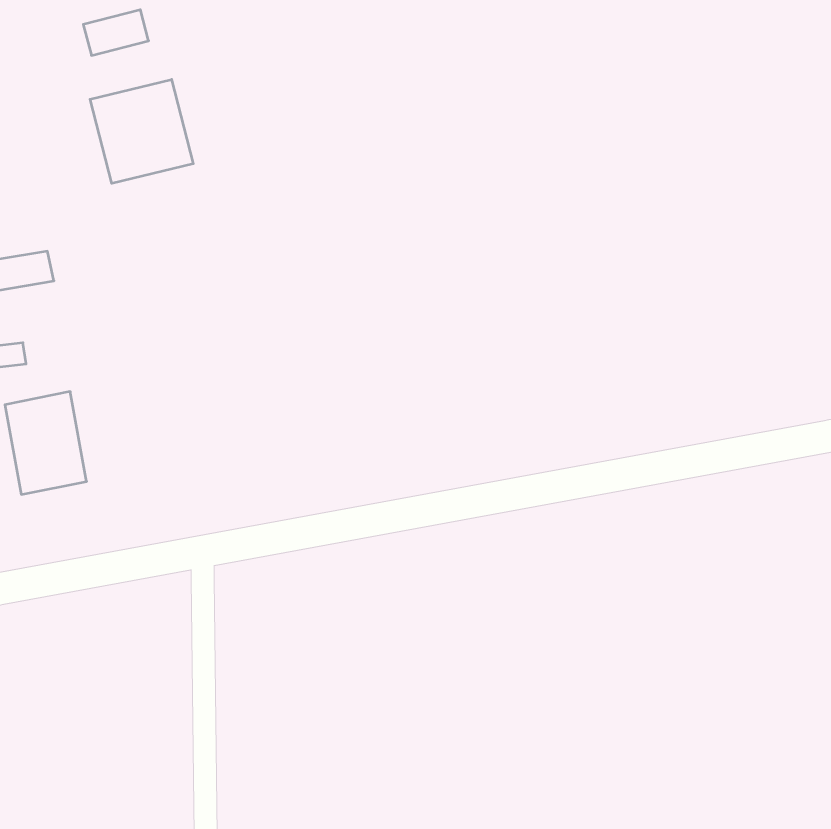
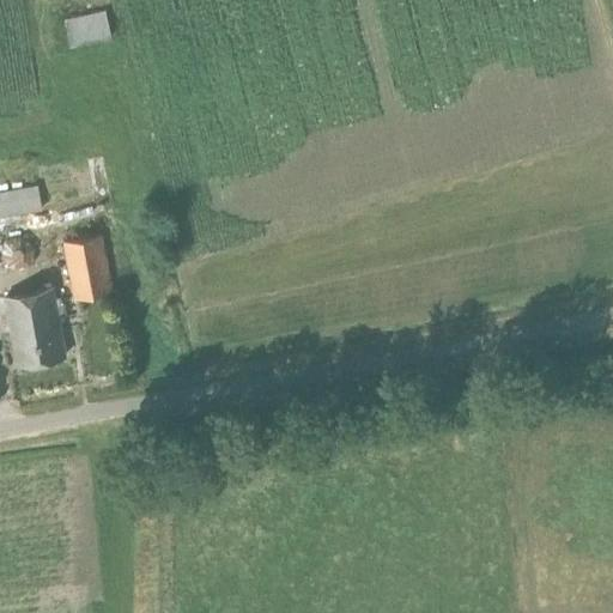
building: [90,79,193,183] -> none
building: none -> [66,238,111,299]

